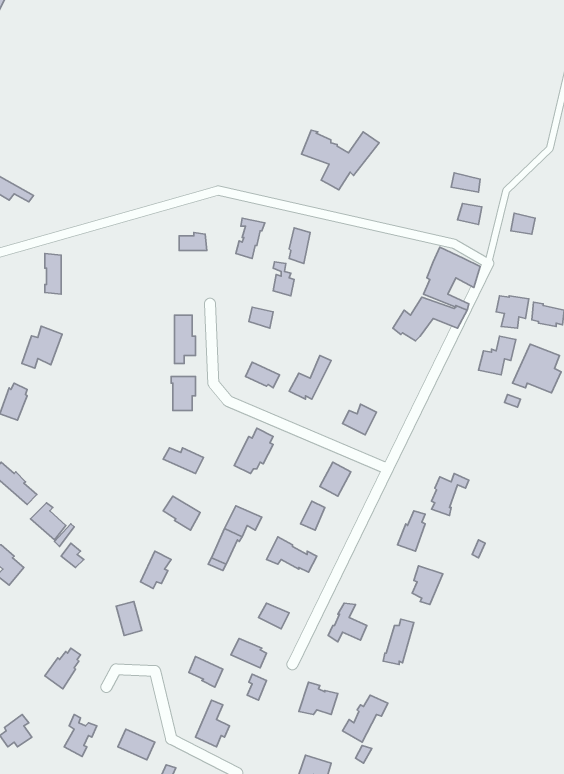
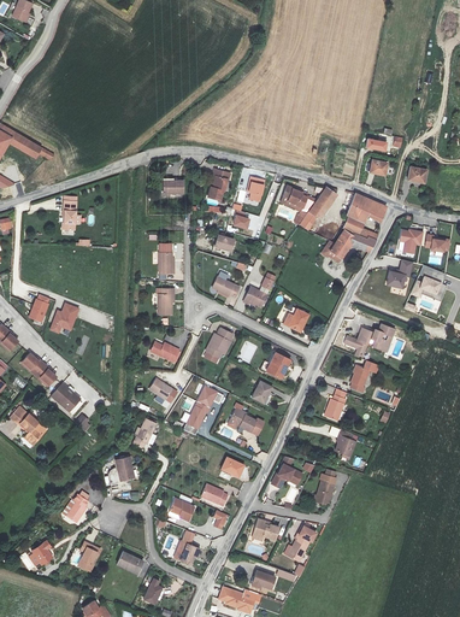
building: [302,130,379,190] -> [281,186,338,230]
building: [22,326,62,368] -> [49,302,79,334]
building: none -> [344,323,395,359]

